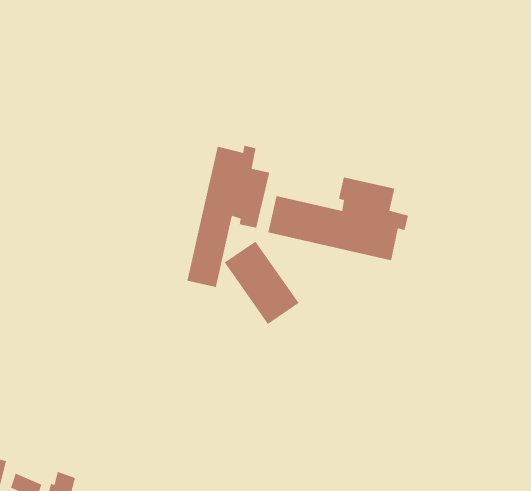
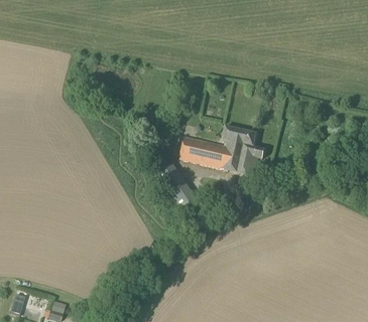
building: [187,145,270,288] -> none

